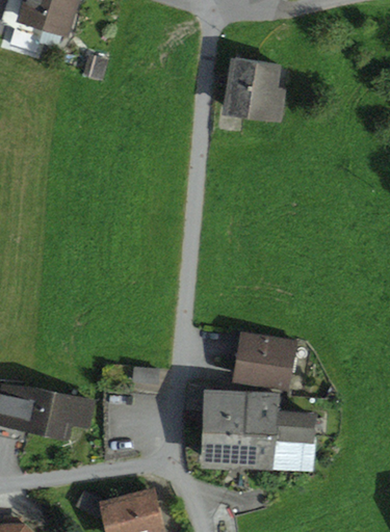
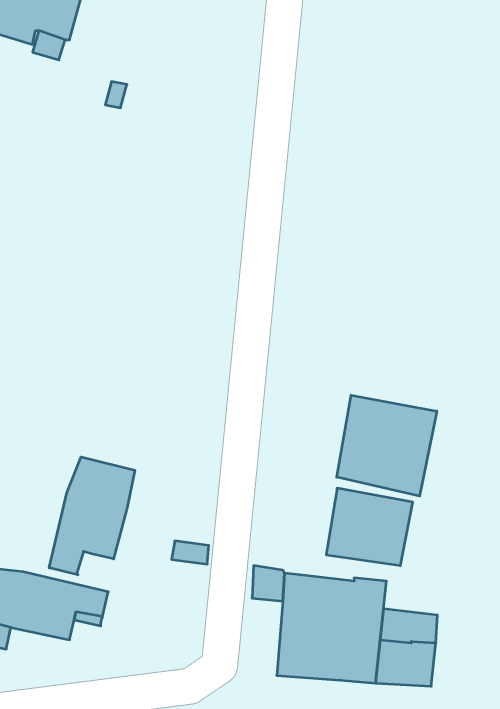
building: [228,58,284,117] -> none
building: none -> [337,395,437,496]
building: none -> [49,457,135,575]

